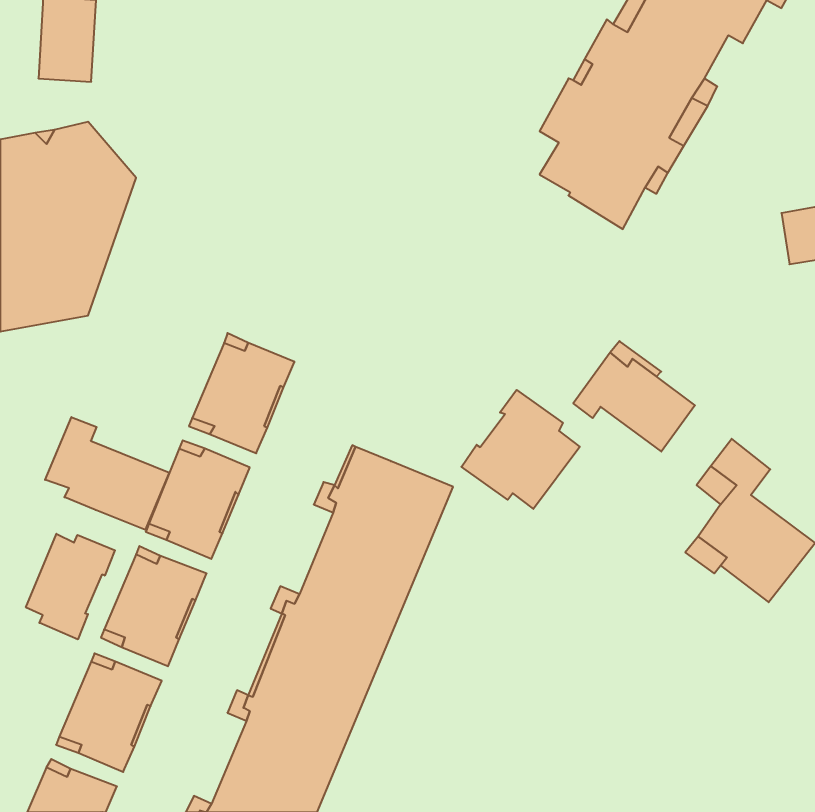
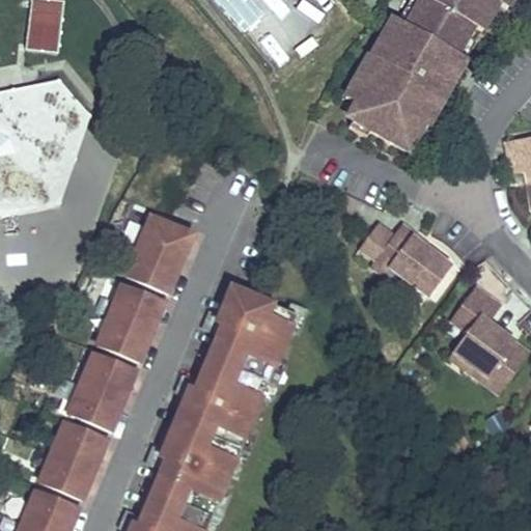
building: [461,390,580,509] -> none
building: [45,417,169,530] -> none
building: [26,534,115,639] -> none

